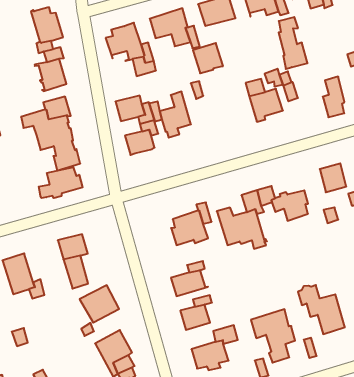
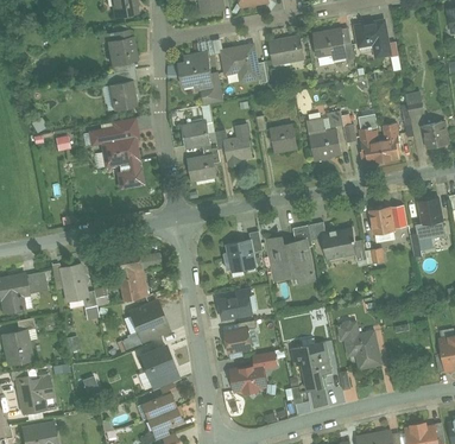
building: [279,17,308,69] -> [358,116,383,165]
building: [193,43,223,73] -> [270,125,297,152]
building: [39,167,83,198] -> none

